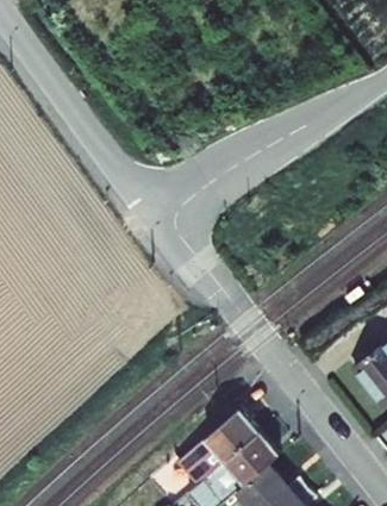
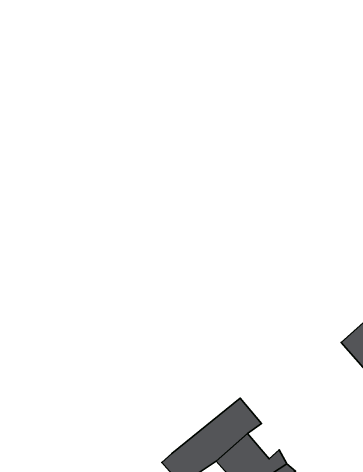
building: [177,407,256,479] -> none

